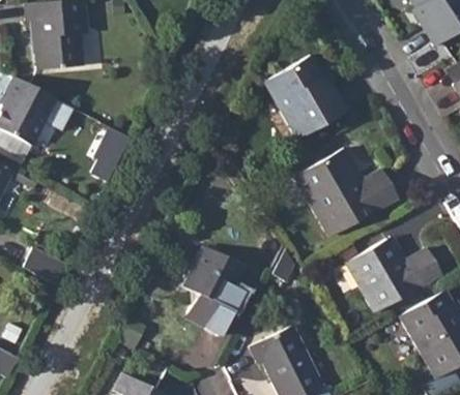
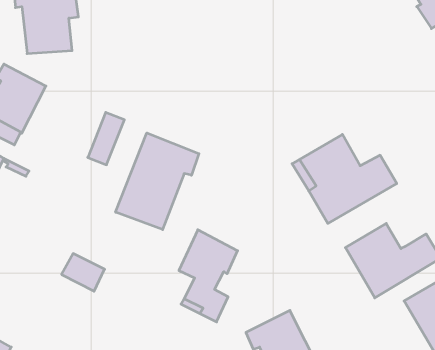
building: [265,56,348,138] -> none
building: none -> [116,133,199,230]
building: [22,250,64,287] -> [62,254,105,291]

